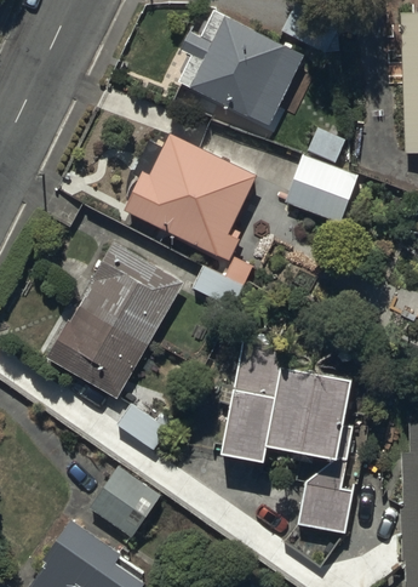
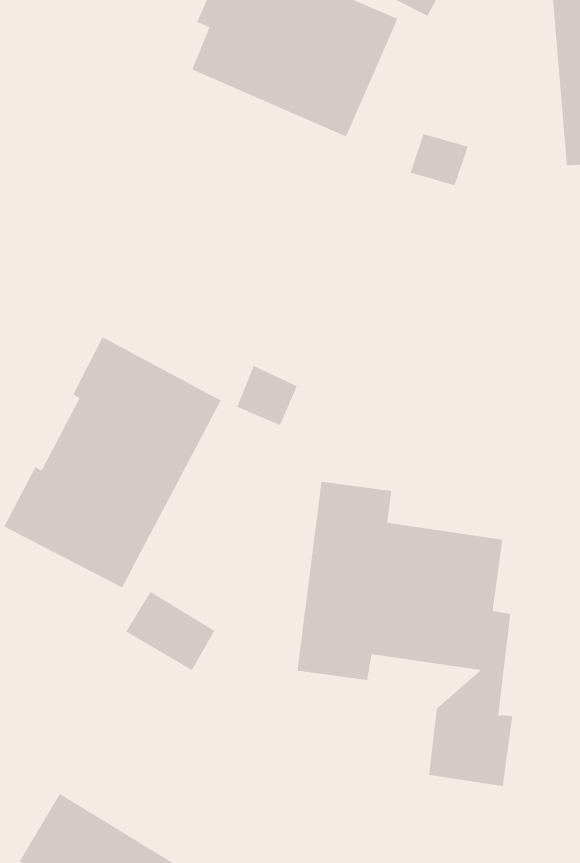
building: [122,133,256,261] -> none
building: [284,154,357,222] -> none
building: [87,463,164,538] -> none

